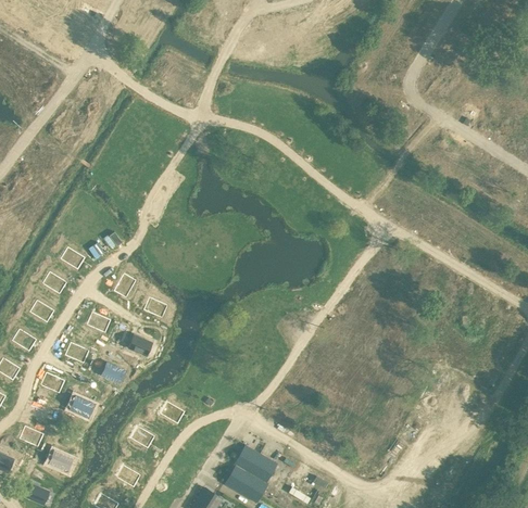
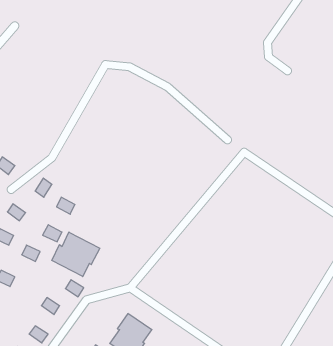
building: none -> [52,232,100,277]

